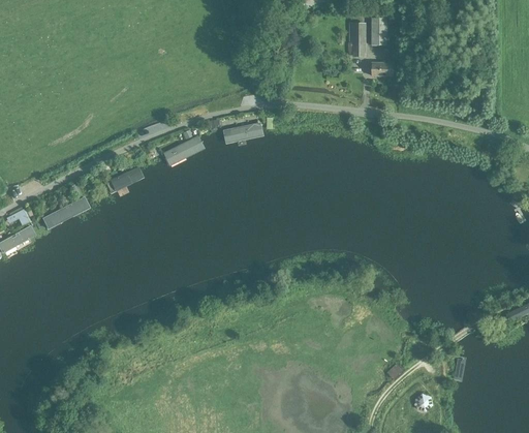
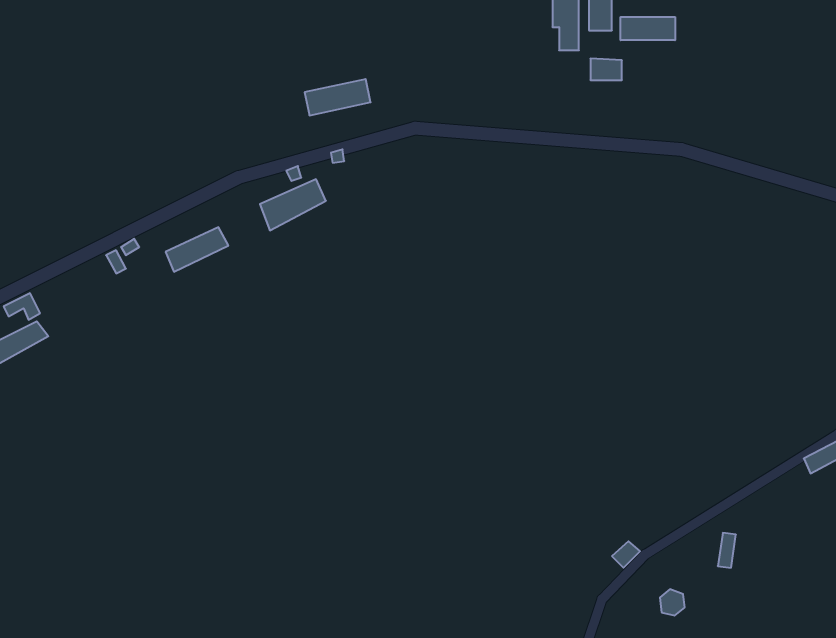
building: none -> [621,17,675,40]
building: [223,122,264,145] -> [305,79,371,115]
building: [38,195,91,233] -> none

